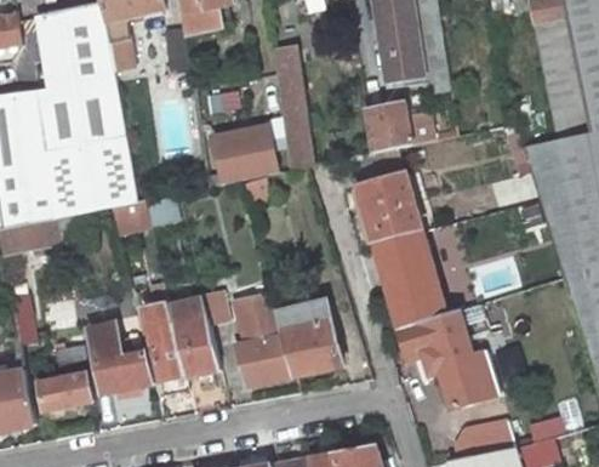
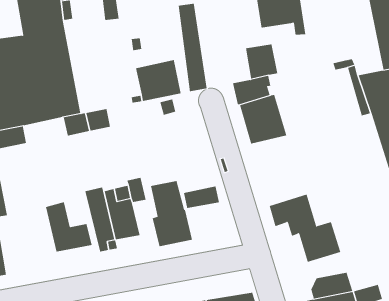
building: [372,223,472,328] -> none
building: [281,323,342,375] -> none
building: [39,372,92,409] -> none

